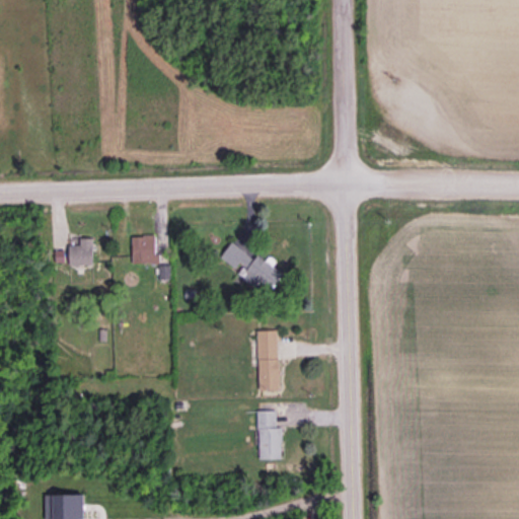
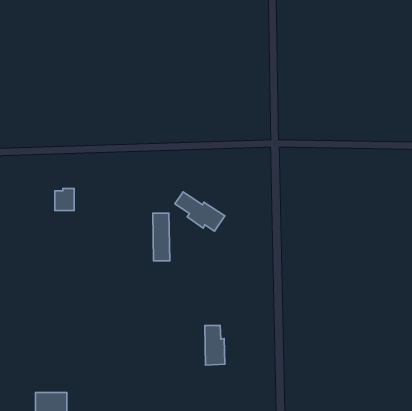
building: [132,235,159,263] -> none
building: [257,330,279,390] -> [153,213,170,261]

